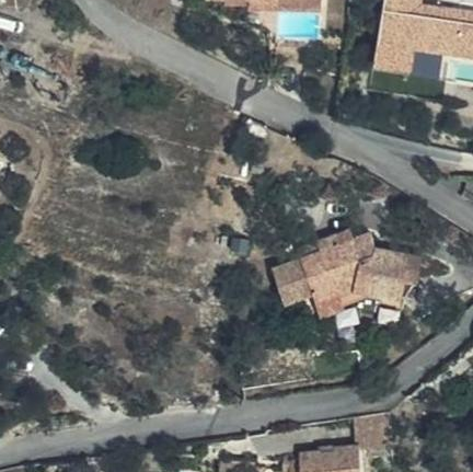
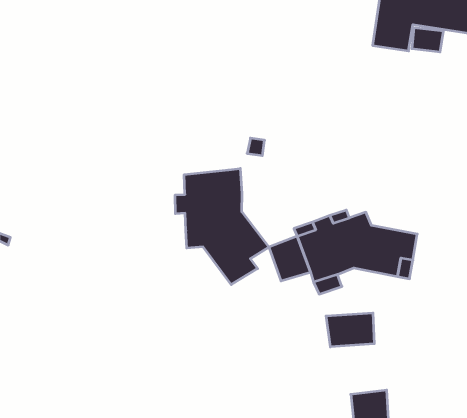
building: none -> [175,168,269,285]
building: none -> [326,313,374,347]

